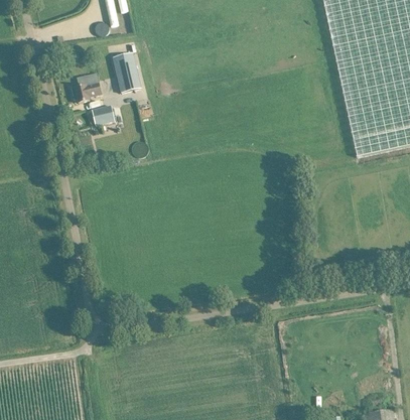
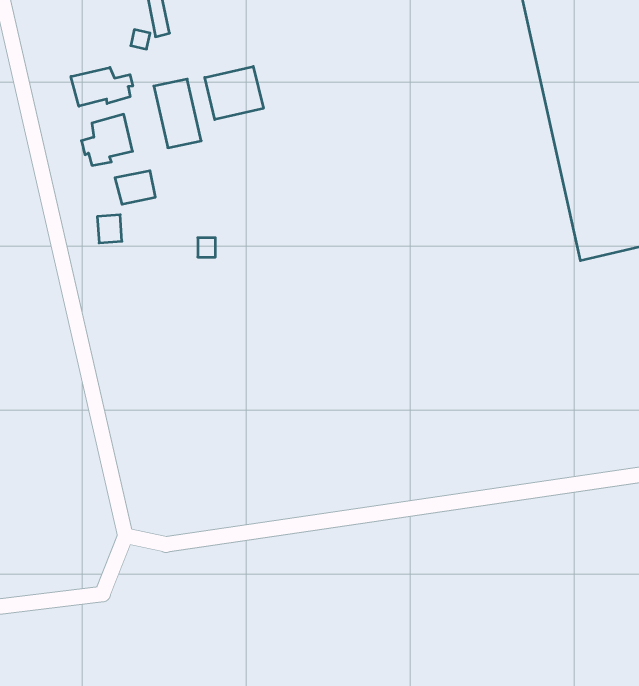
building: none -> [205,66,263,120]
building: none -> [71,67,133,106]

